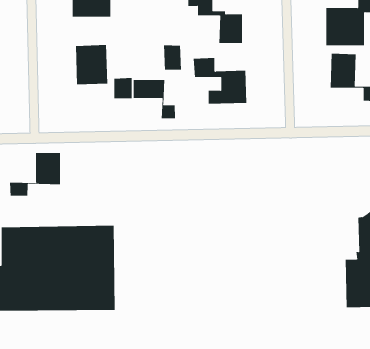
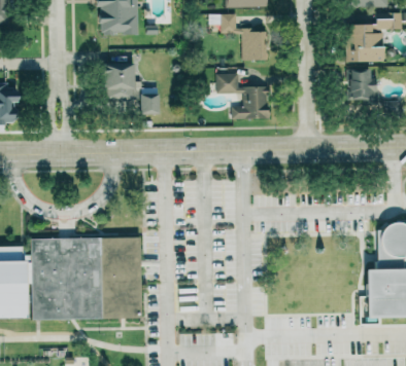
building: [164,44,181,71] -> none
building: [133,79,176,119] -> none
building: [10,152,61,197] -> none

